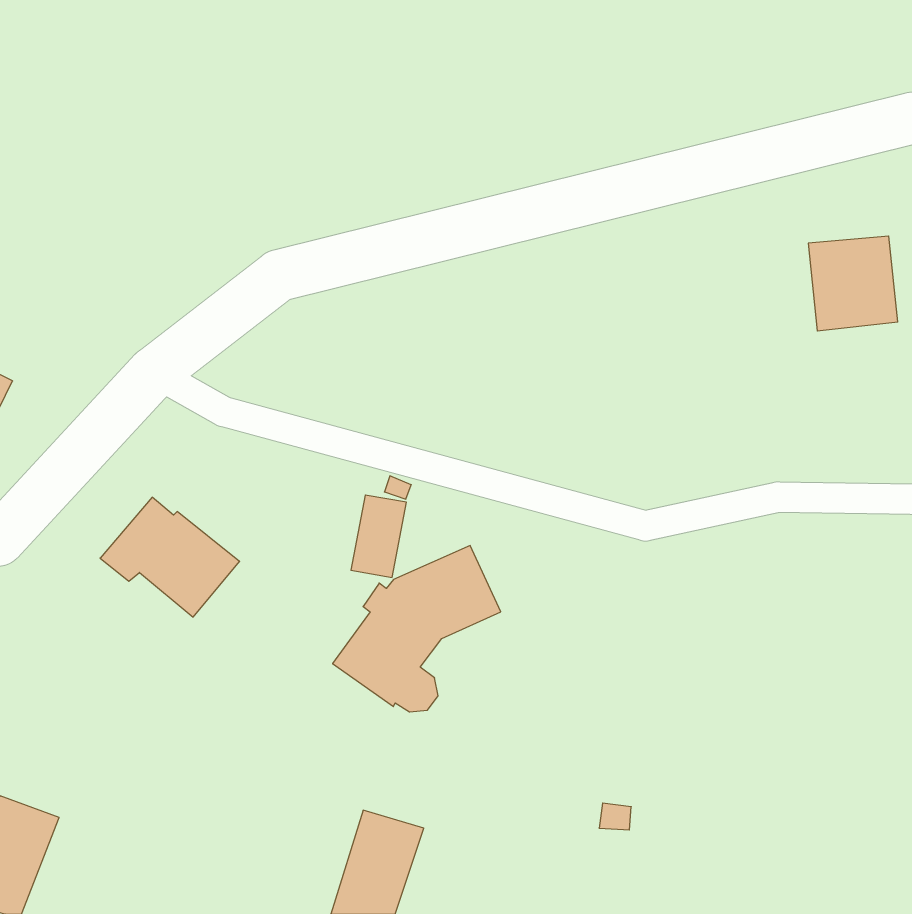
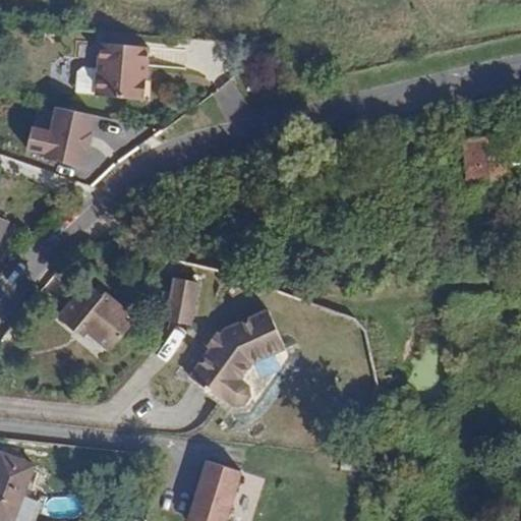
building: none -> [75,45,148,101]
building: none -> [27,107,94,167]
building: [351,495,406,577] -> [166,278,197,325]

